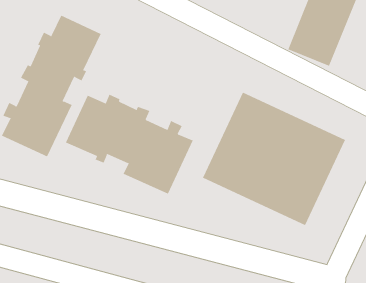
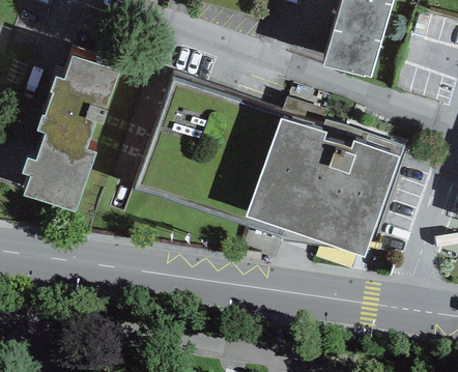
building: [65,94,193,195] -> none

